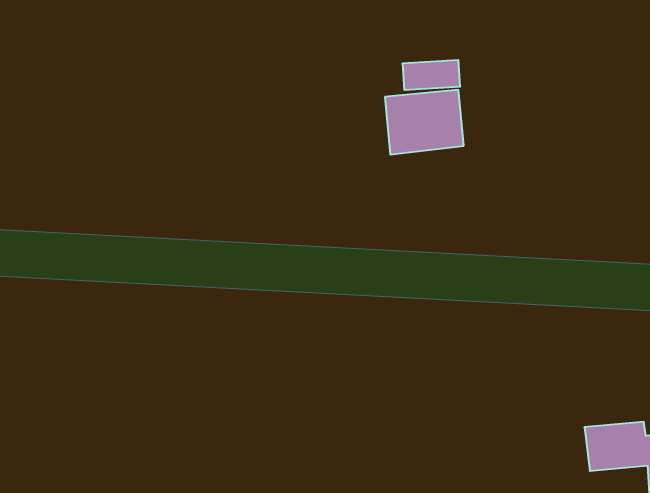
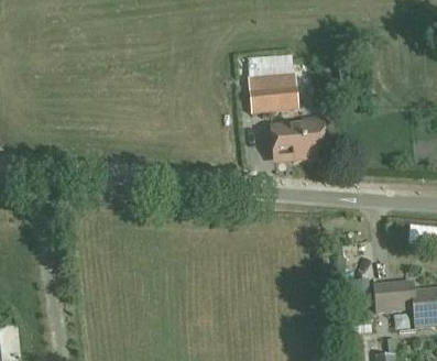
building: none -> [272,120,325,160]

